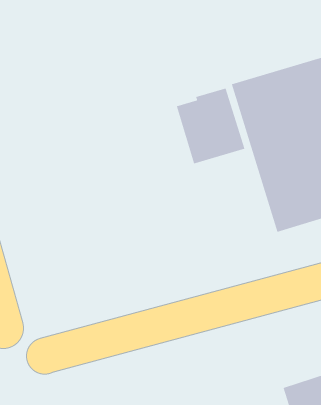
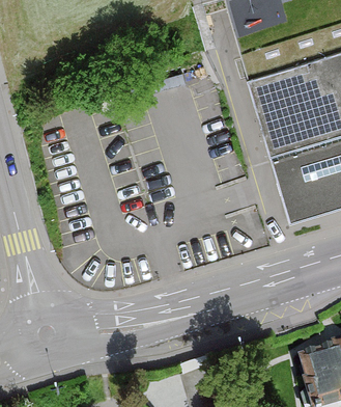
building: [176,88,245,165] -> none

